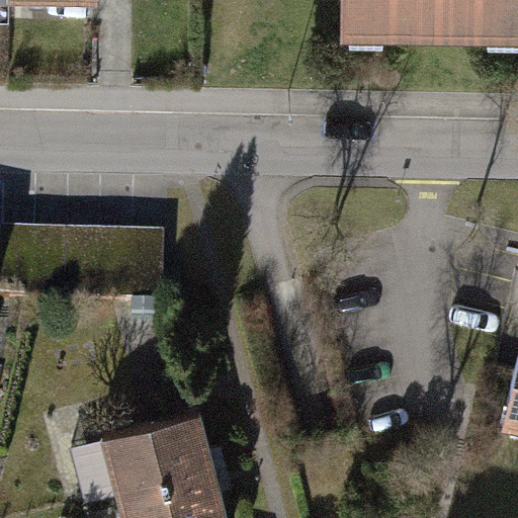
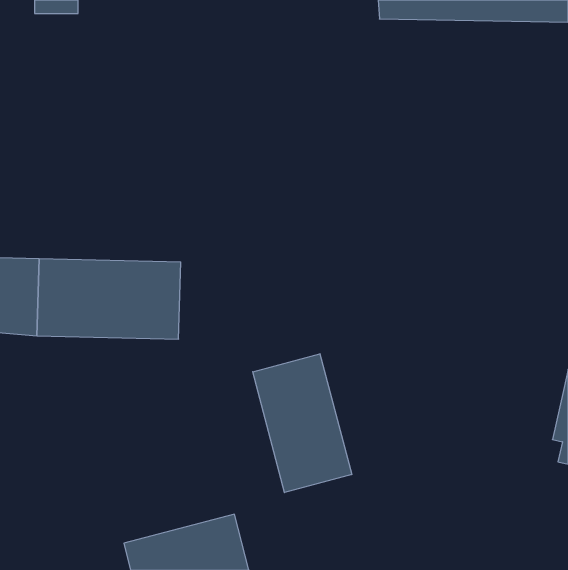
building: none -> [253,354,352,493]
building: [96,405,212,493] -> none

